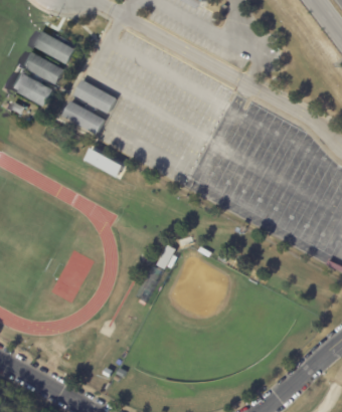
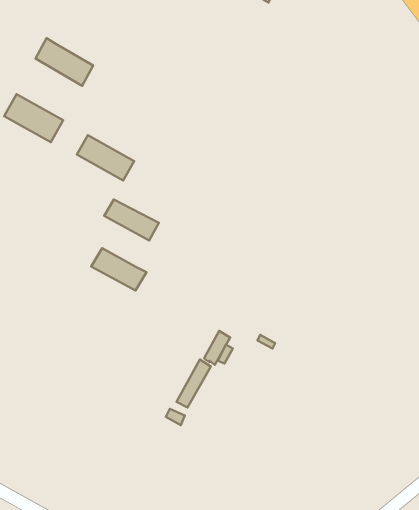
building: [22,50,64,83] -> none
building: [74,79,117,114] -> none
building: none -> [91,248,147,291]

